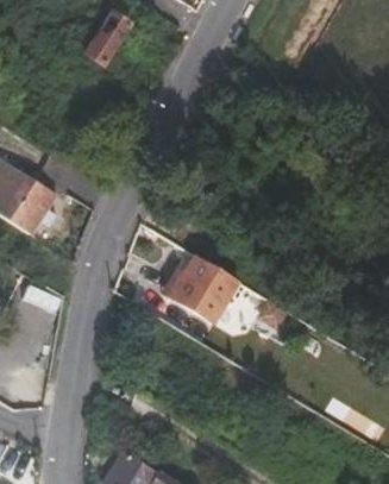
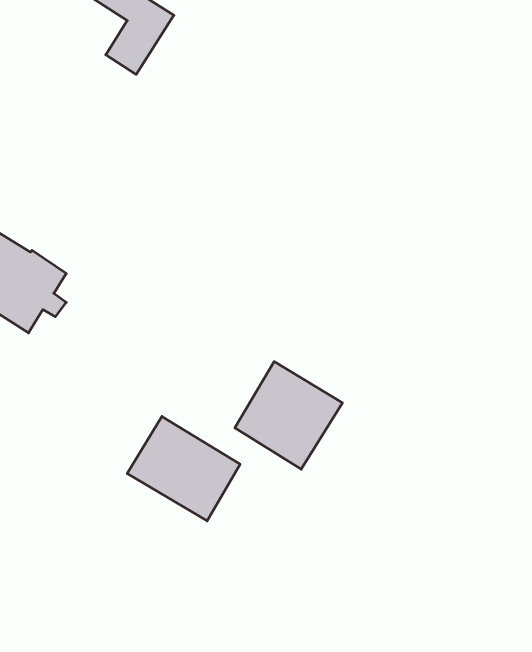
building: none -> [127,416,240,521]

